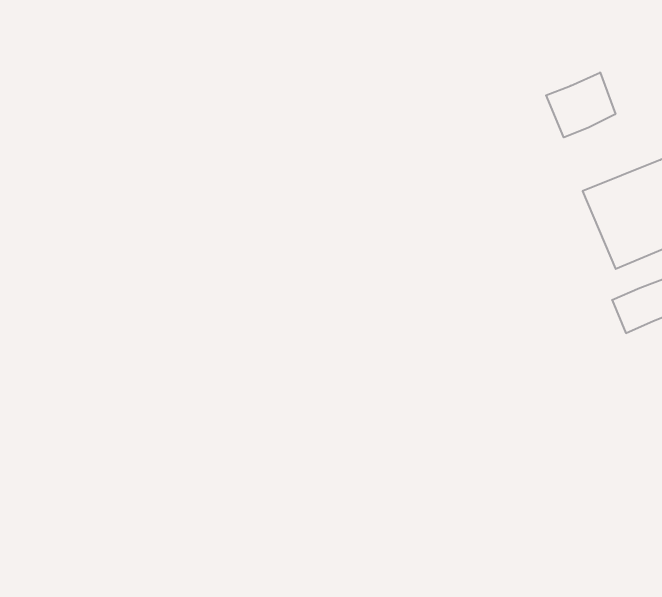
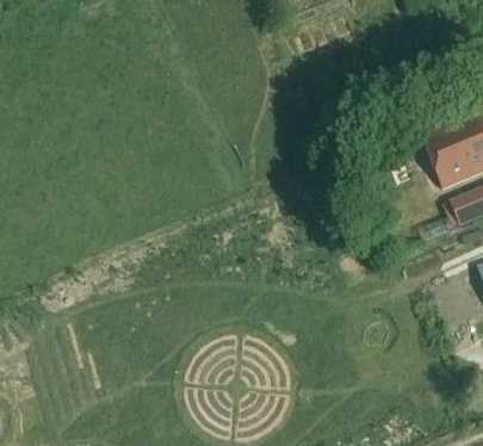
building: [546,72,615,137] -> none

